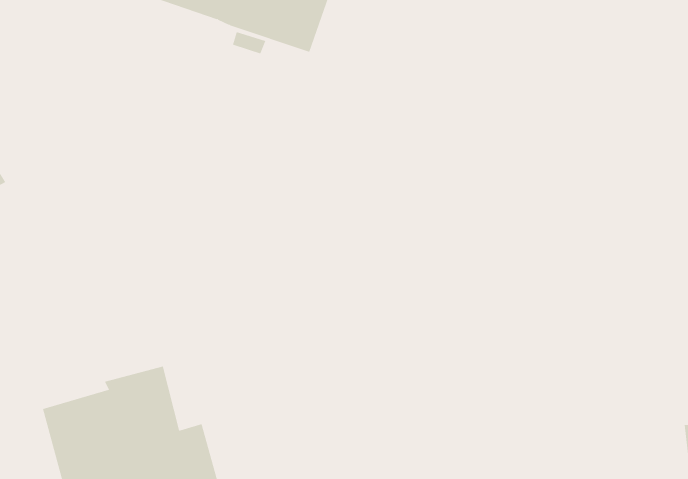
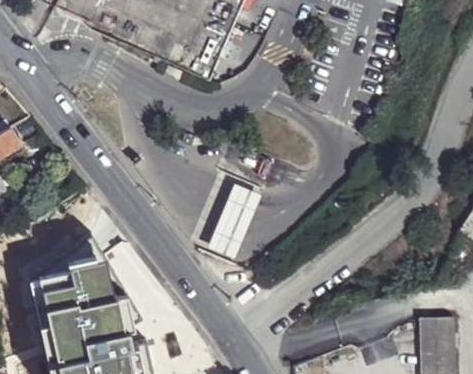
building: none -> [209,179,263,254]

